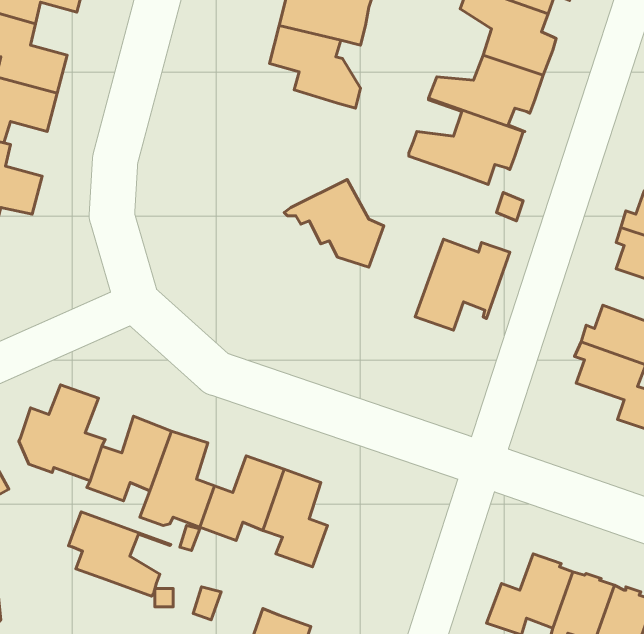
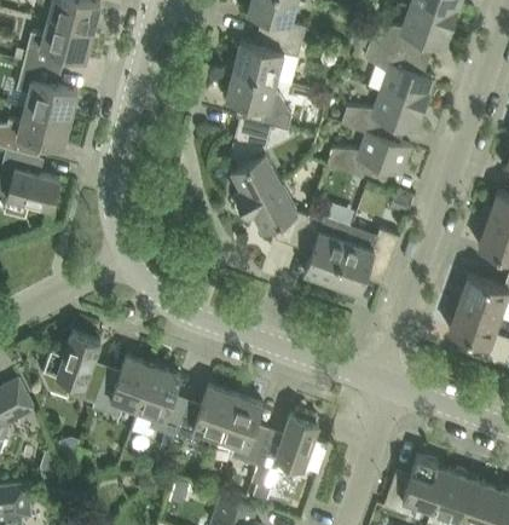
building: none -> [230,116,282,207]
building: none -> [297,217,352,283]
building: none -> [250,409,326,500]
building: [69,512,171,596] -> none

